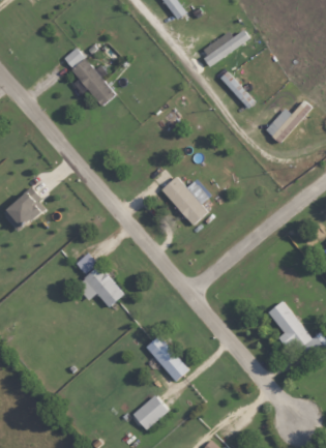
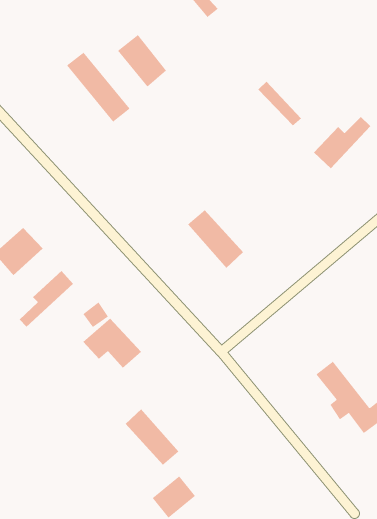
building: [204,28,249,66] -> none
building: none -> [117,34,167,87]
building: none -> [19,270,74,327]
building: [145,334,189,381] -> [125,409,179,465]

